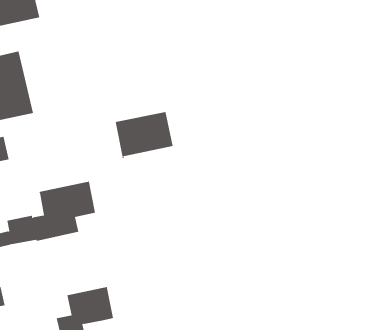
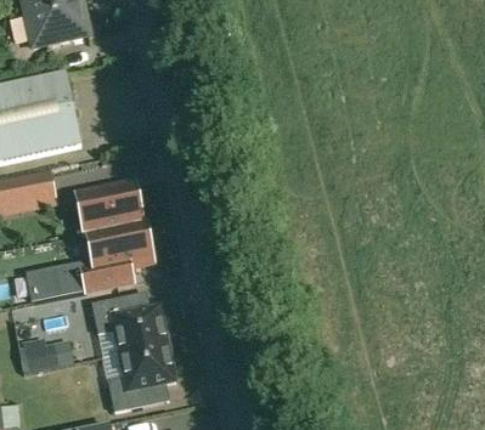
building: [115,111,174,159] -> [75,182,143,237]
building: none -> [91,296,167,353]

